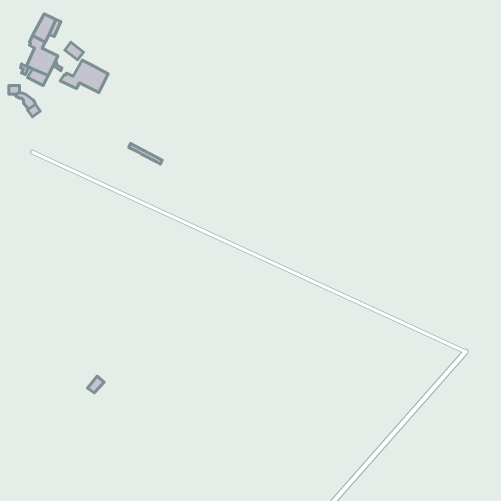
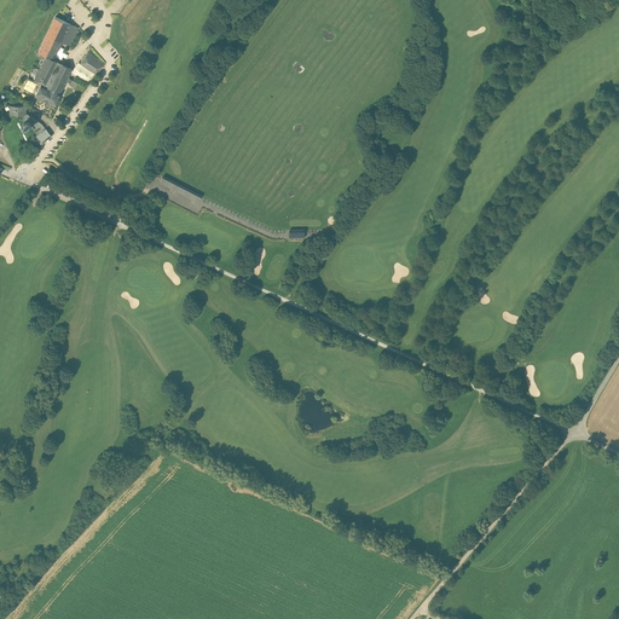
building: [60,60,108,93] -> none

